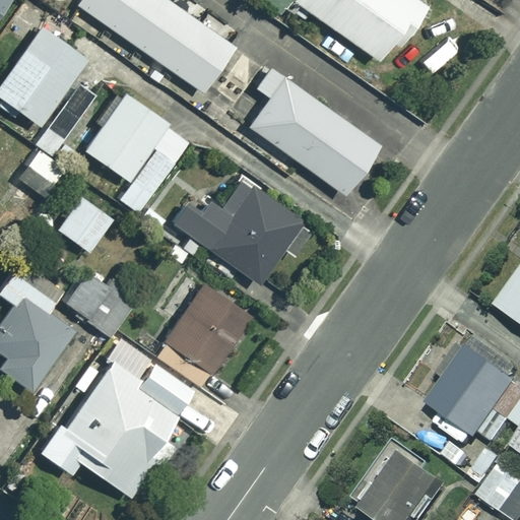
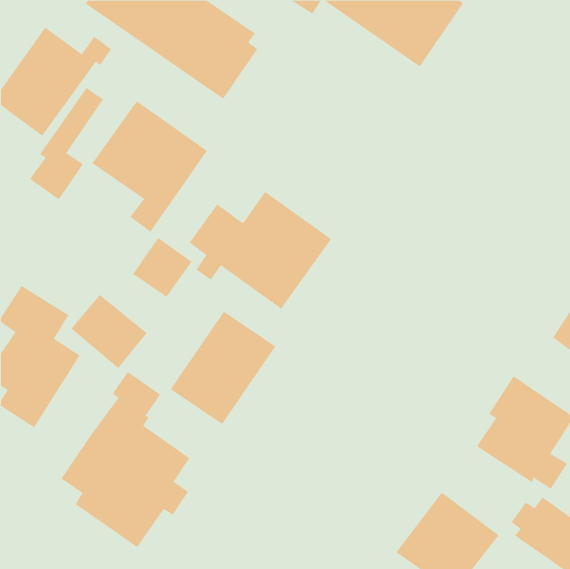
building: [249,66,381,195] -> none
building: [58,196,113,251] -> [132,237,192,297]
building: [134,365,190,416] -> none

